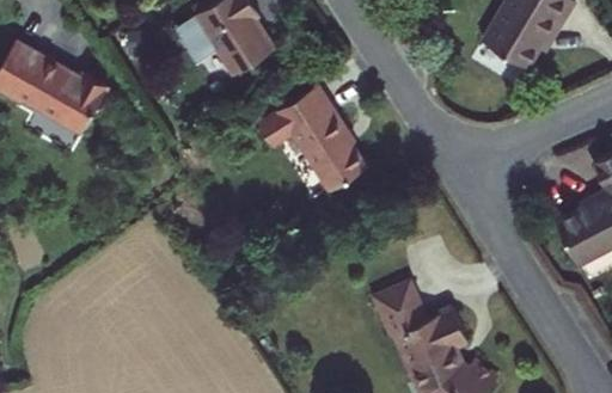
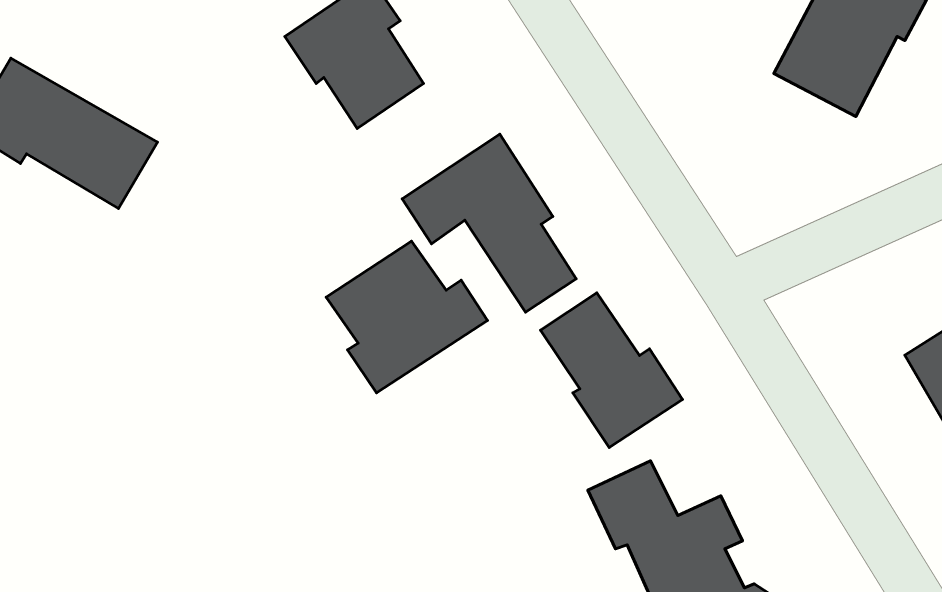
building: none -> [326,241,487,393]
building: none -> [540,293,683,447]

